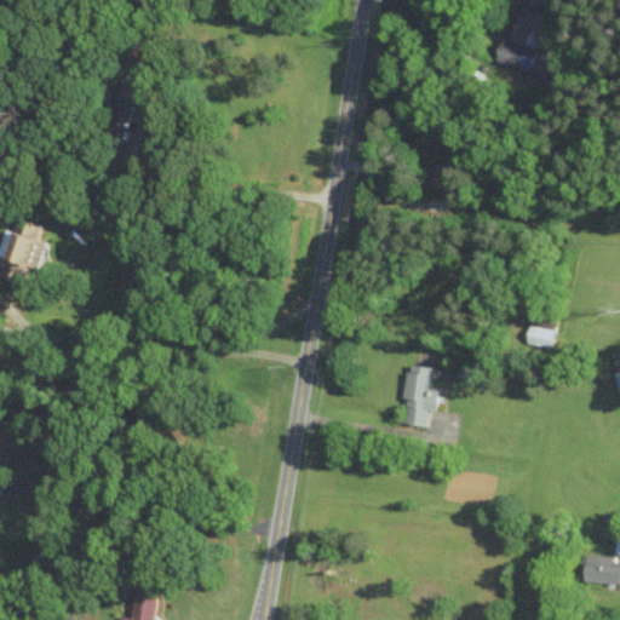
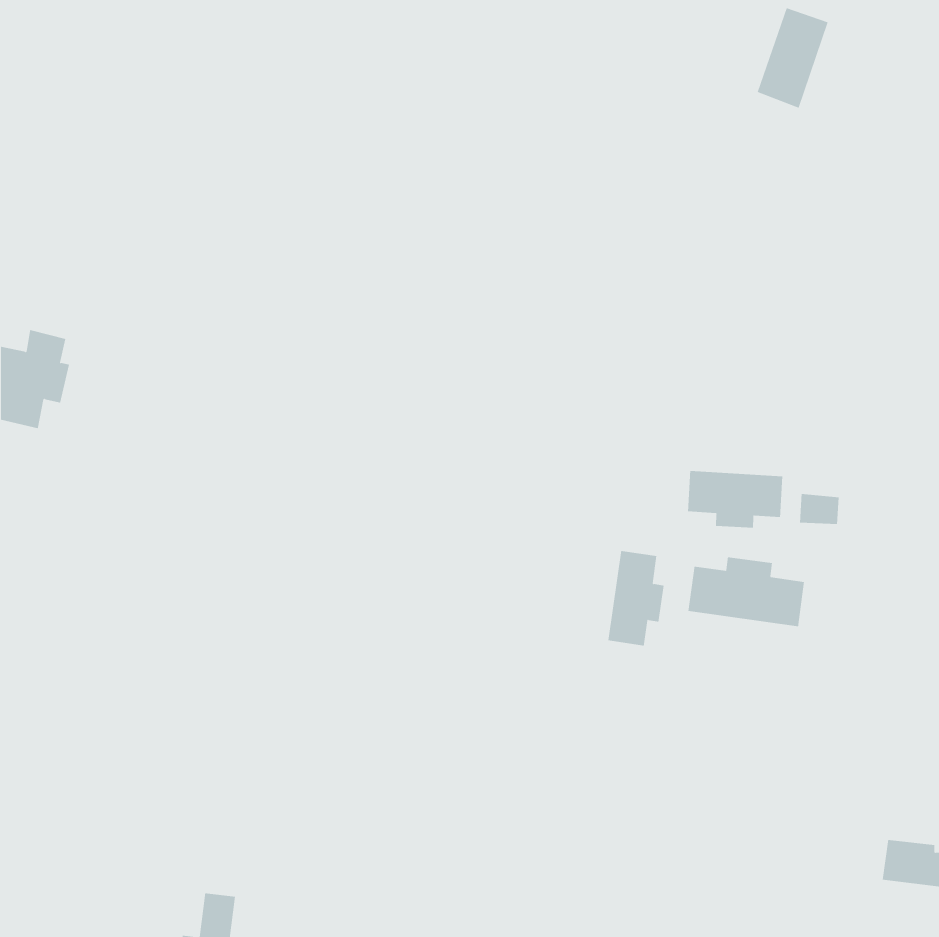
building: none -> [688,470,783,529]
building: none -> [688,556,805,627]

